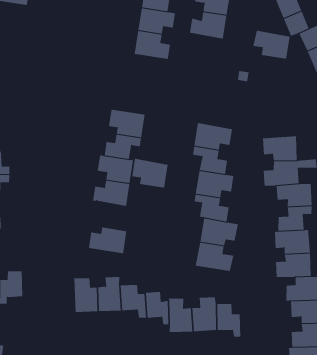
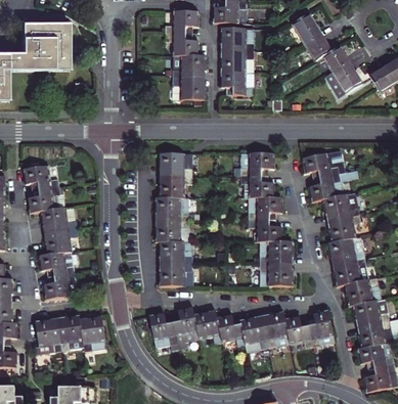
building: [252,30,290,59] -> [220,72,254,94]
building: [131,158,169,188] -> [160,240,192,264]
building: none -> [309,310,335,346]

